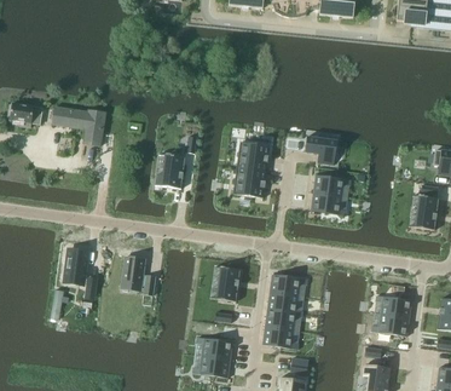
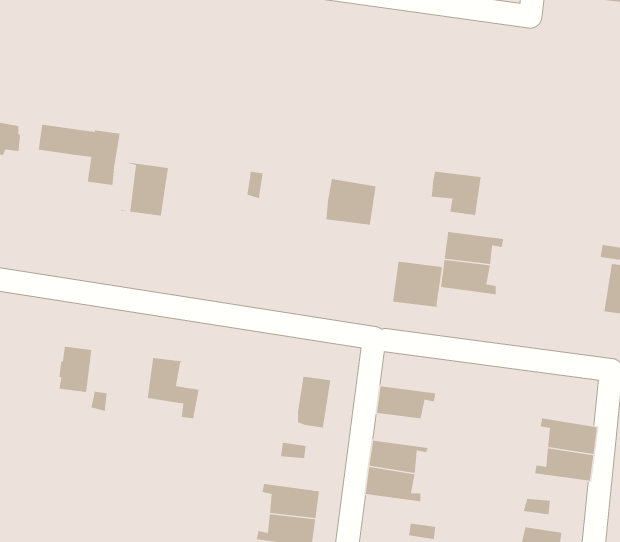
building: [155,153,186,188] -> [120,162,169,216]
building: [233,167,266,197] -> [392,261,443,308]
building: [267,292,303,314] -> none

